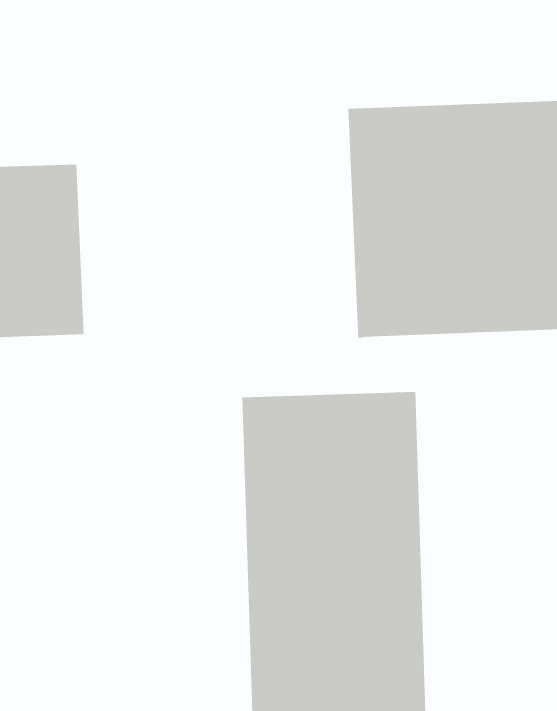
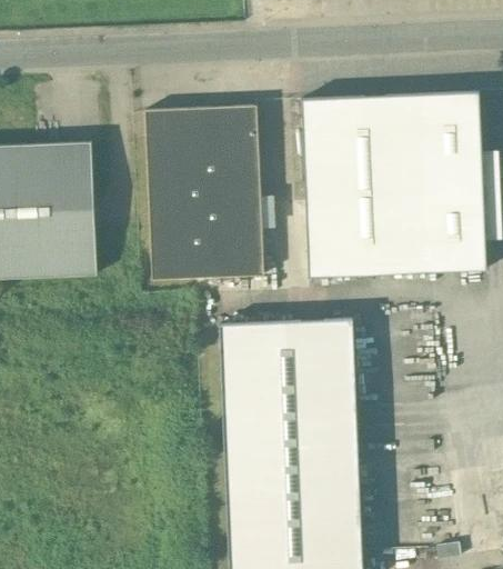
building: none -> [144,106,263,279]

